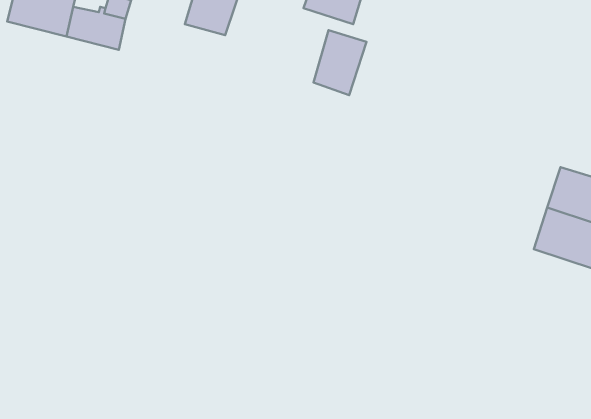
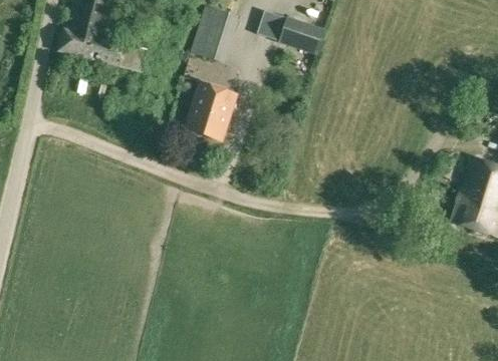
building: [314,30,366,95] -> none
building: none -> [185,82,237,140]

